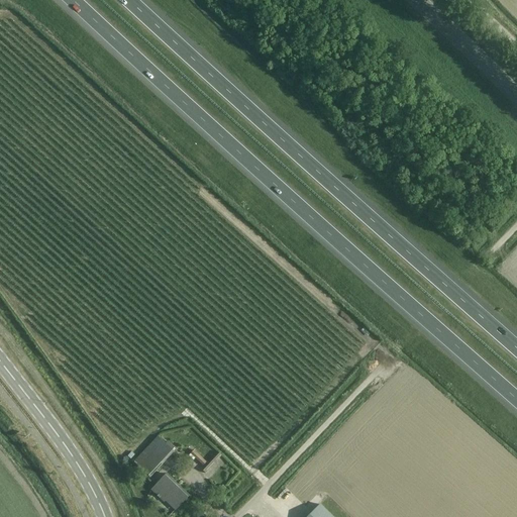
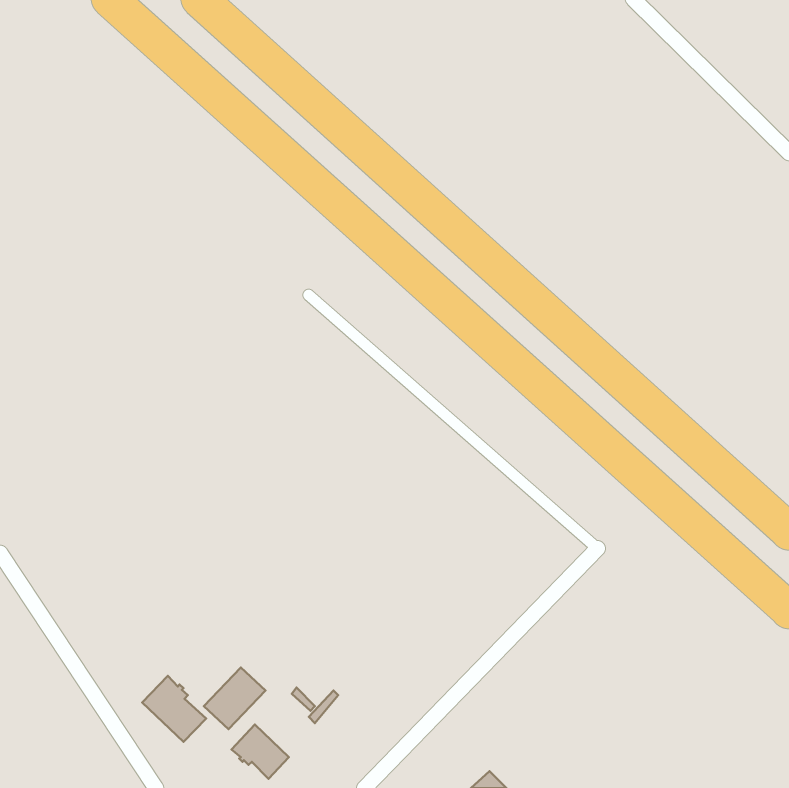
building: none -> [142,676,206,742]

